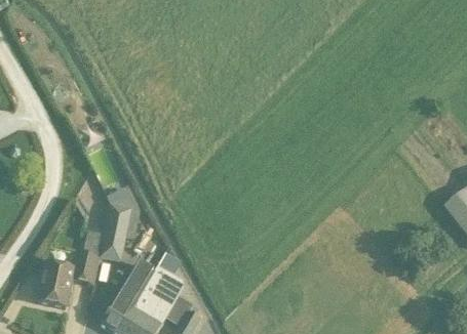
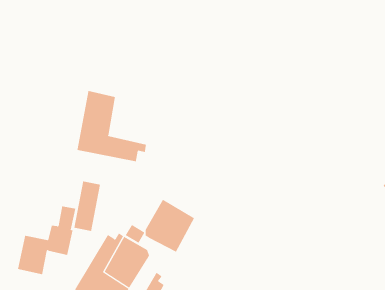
building: none -> [77,90,146,162]
building: none -> [145,199,195,252]

